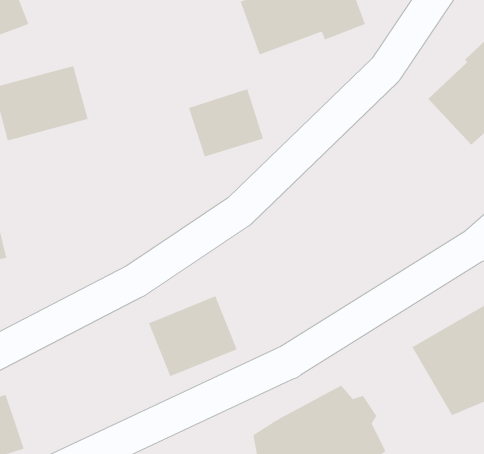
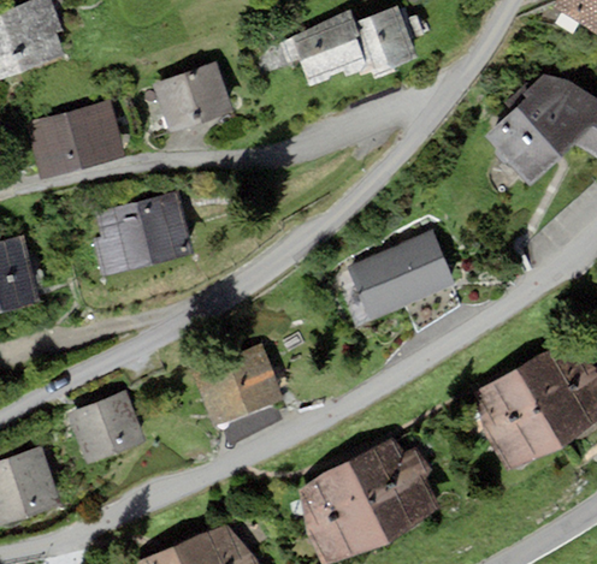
building: [188,88,264,157] -> [153,63,232,135]
building: none -> [94,191,195,275]
building: none -> [345,228,457,321]
building: none -> [65,391,144,465]

